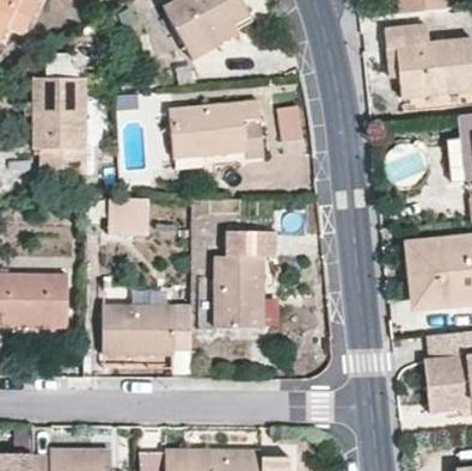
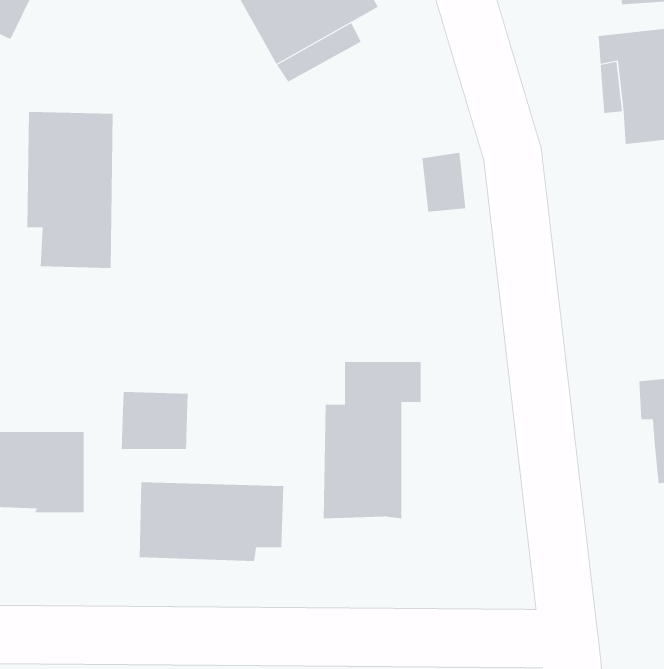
building: [170,104,264,159] -> none
building: [104,196,146,232] -> [121,391,189,450]

